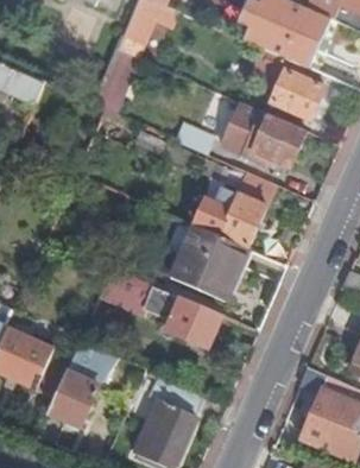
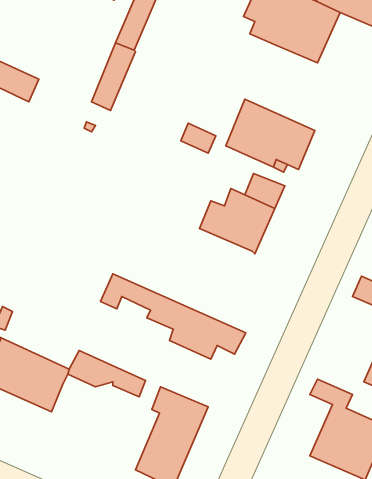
building: [252,49,324,119] -> none
building: [164,220,246,299] -> none
building: [49,371,100,425] -> none

